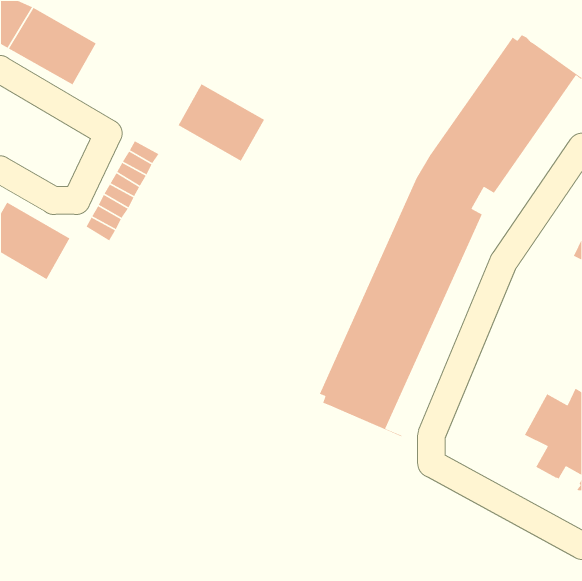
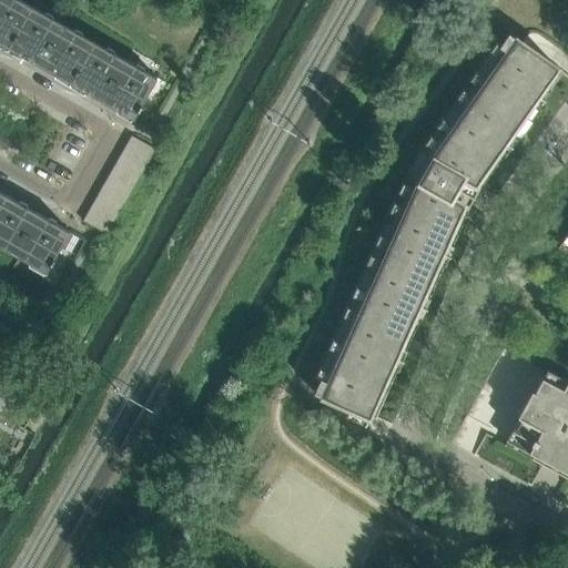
building: [177,83,265,162] -> [71,43,156,120]

